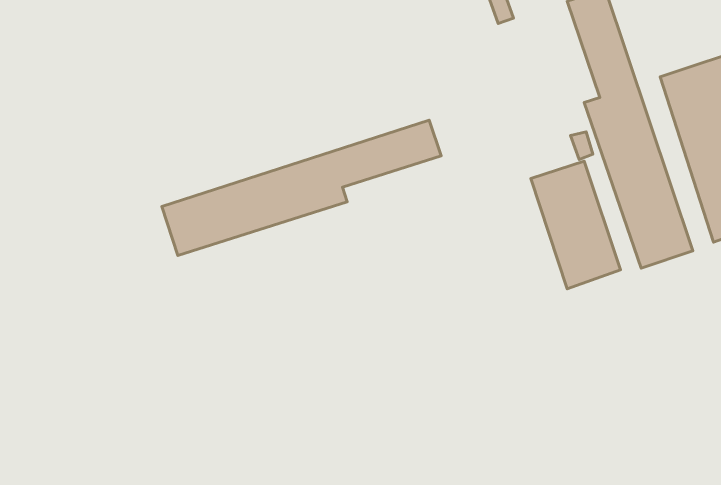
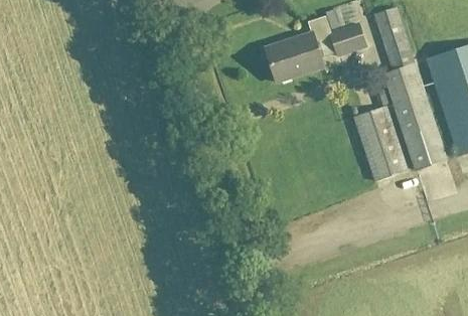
building: none -> [265,22,364,81]
building: [162,120,441,255] -> none

